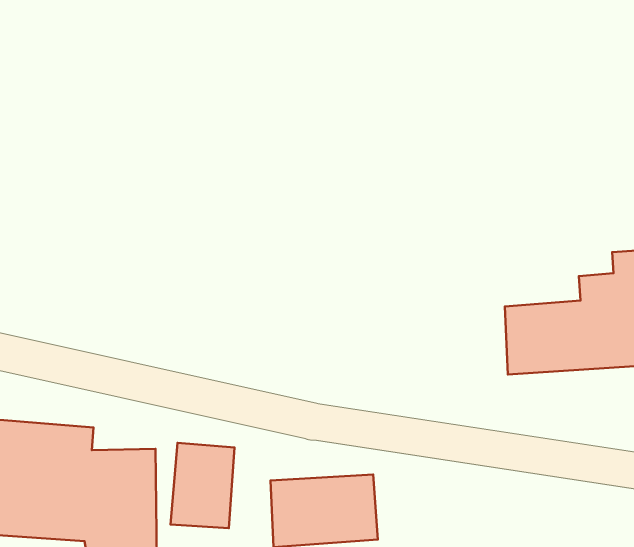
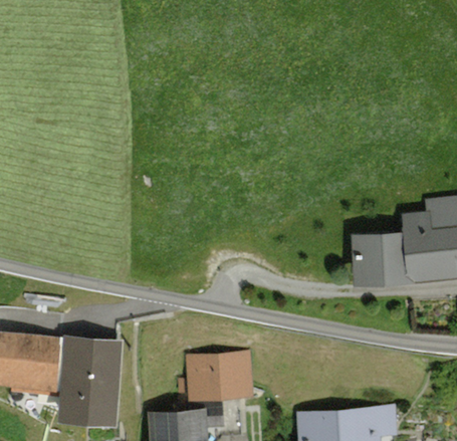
building: [170,443,234,528] -> none

